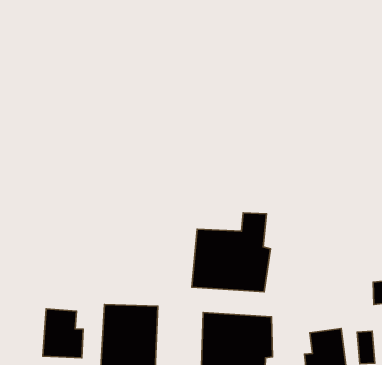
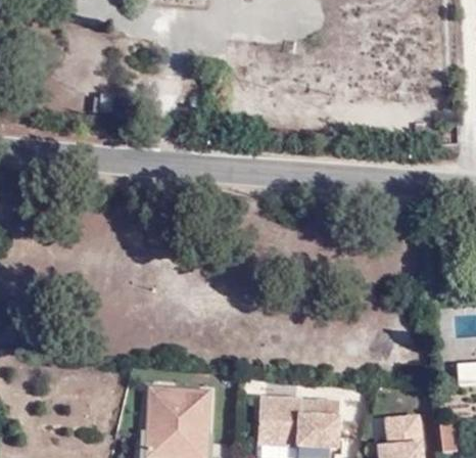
building: [192,213,271,292] -> none
building: [43,309,83,358] -> none

